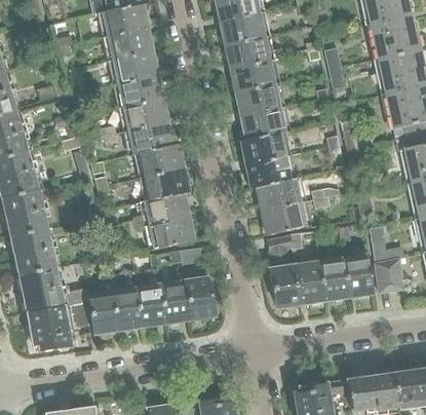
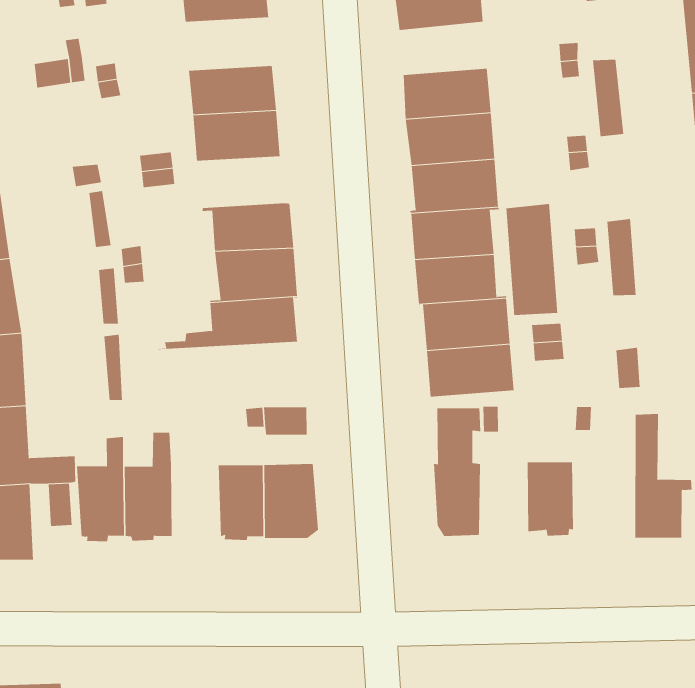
building: [223,37,271,70] -> none
building: [112,49,160,82] -> none
building: [127,120,176,152] -> none
building: none -> [506,203,558,316]
building: [116,215,197,247] -> none
building: [342,254,373,294] -> none
building: [295,261,323,301] -> none
building: [135,269,165,326] -> none

